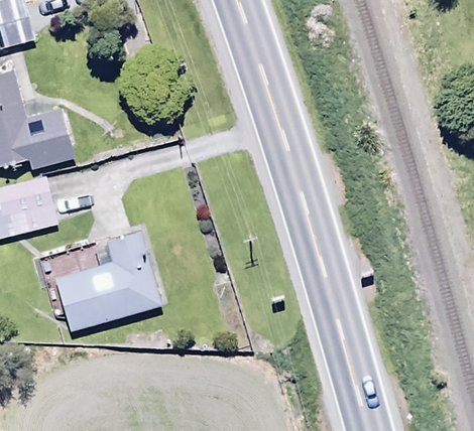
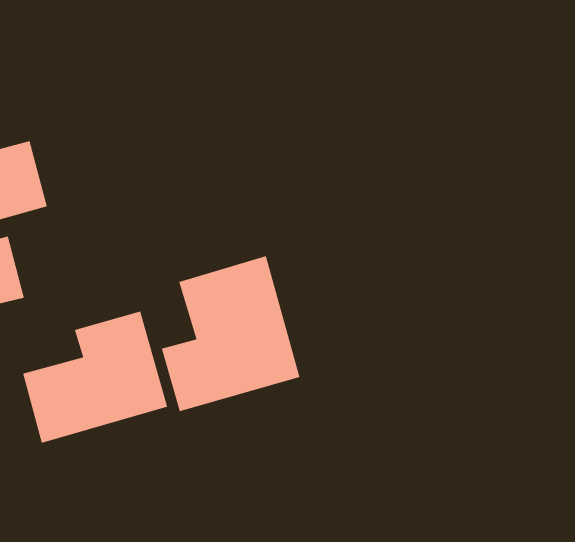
building: none -> [161,255,301,412]

